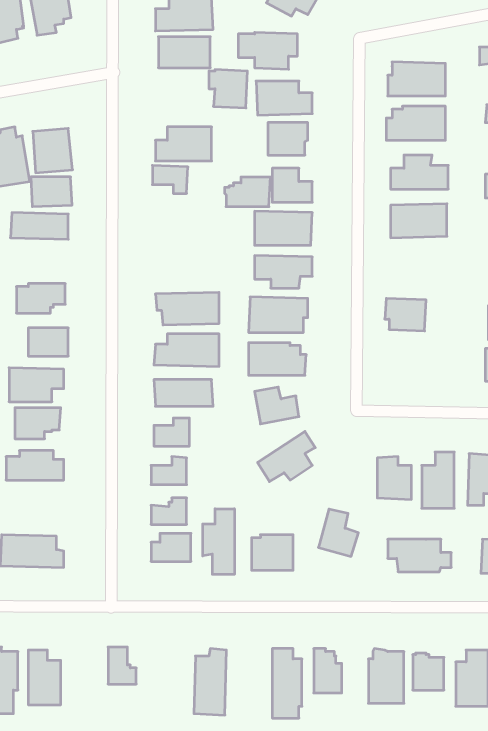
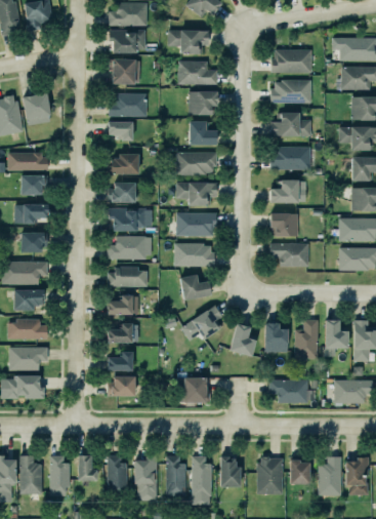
building: [209,70,247,108] -> [108,57,134,84]
building: [31,177,72,207] -> [22,175,50,196]
building: [225,177,270,207] -> [107,153,138,173]
building: none -> [269,174,305,200]
building: none -> [108,182,134,202]
building: none -> [268,242,307,266]
building: none -> [8,347,47,369]
building: [203,509,234,574] -> none
building: [318,509,358,556] -> [227,323,255,356]
building: none -> [49,454,69,494]
building: none -> [109,455,129,493]
building: none -> [165,455,184,496]

